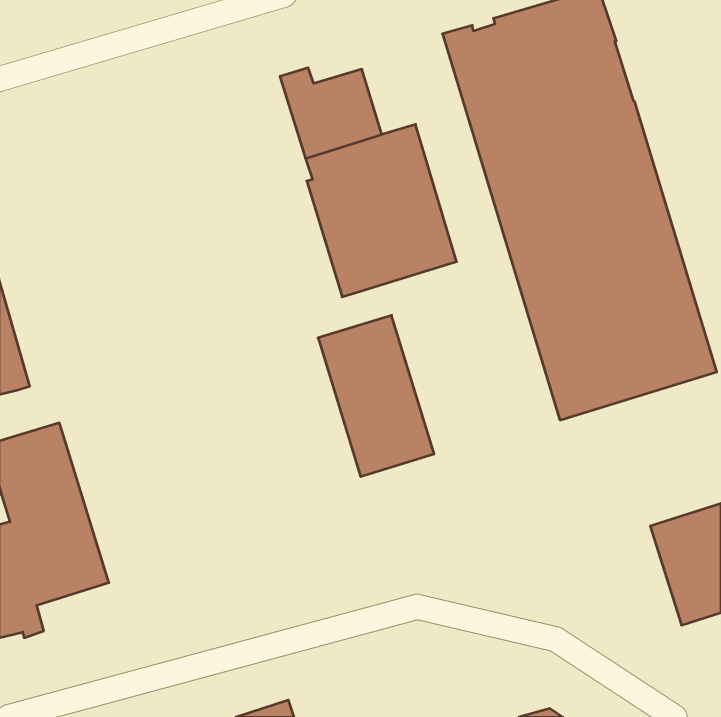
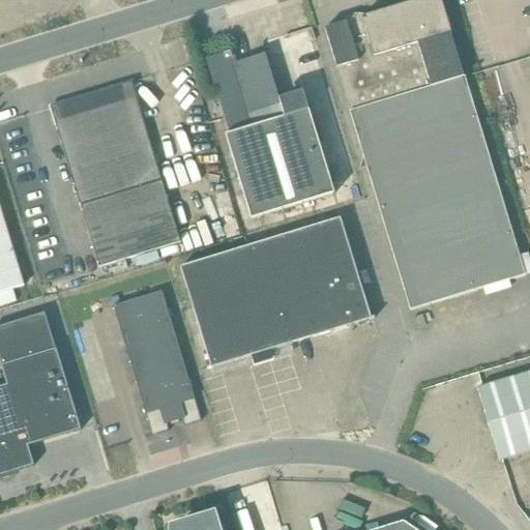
building: none -> [50,79,179,264]
building: none -> [287,215,371,332]
building: none -> [179,247,264,364]
building: none -> [113,288,201,433]

